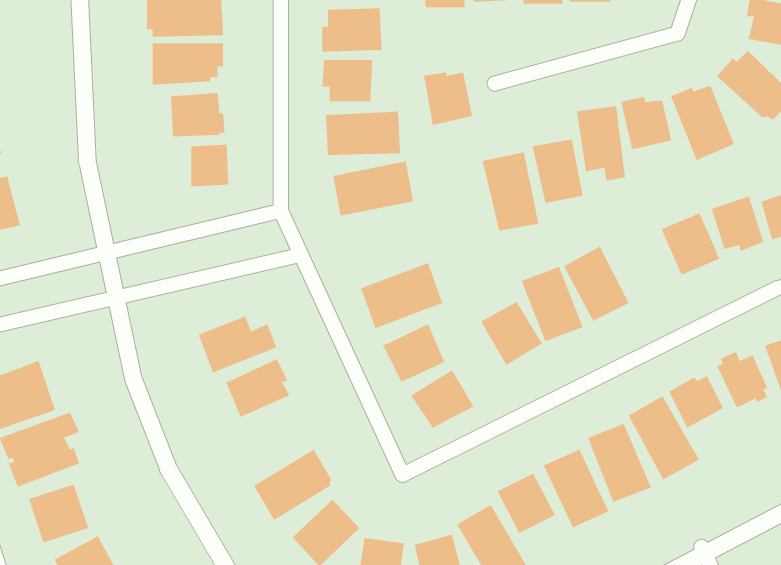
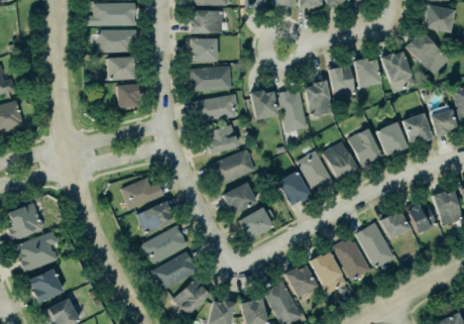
building: [423,72,473,125] -> [250,91,277,120]
building: none -> [201,124,238,155]
building: none -> [347,127,381,167]
building: none -> [139,224,187,264]

